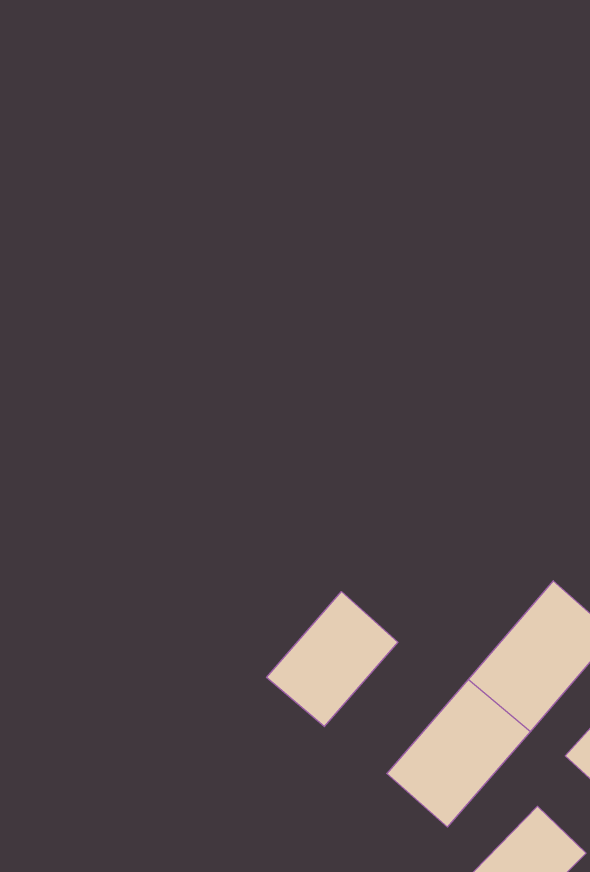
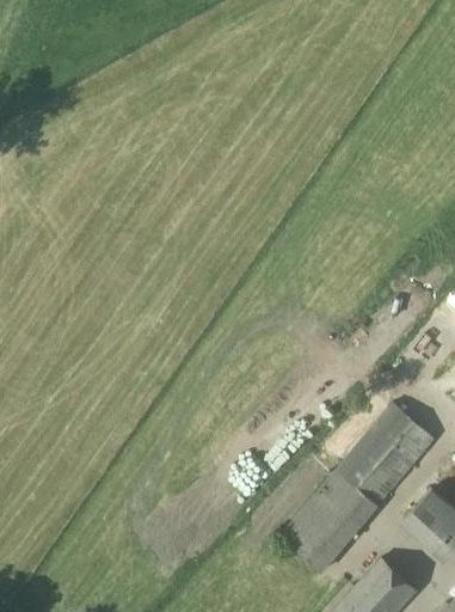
building: [267,592,398,727] -> none

